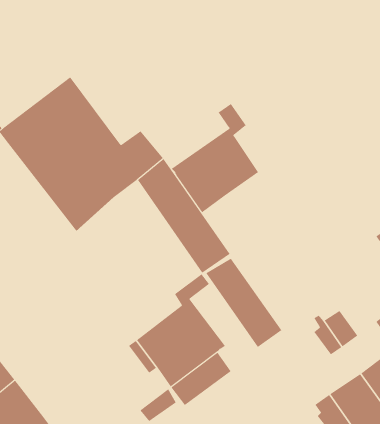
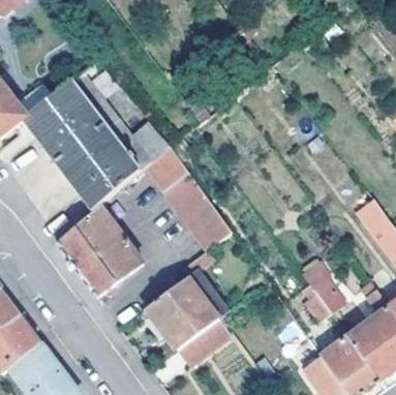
building: [171,103,259,213] -> none
building: none -> [56,207,143,298]
building: [205,258,282,348] -> none

